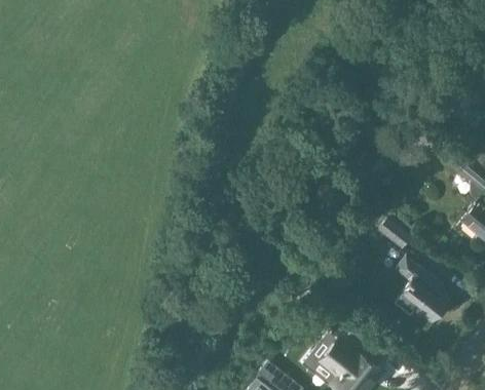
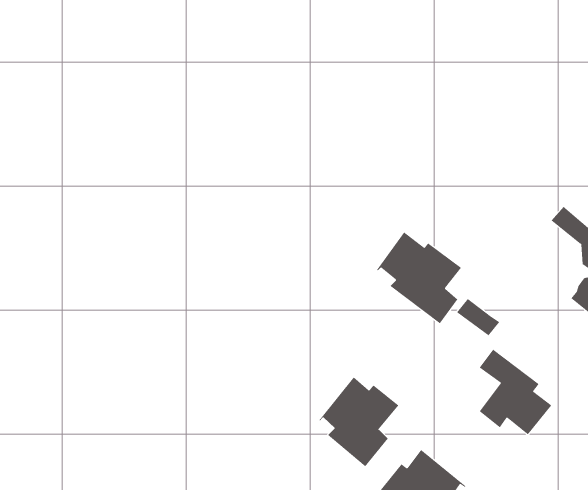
building: none -> [376,232,462,324]
building: none -> [318,377,399,467]

